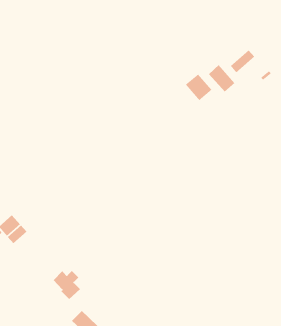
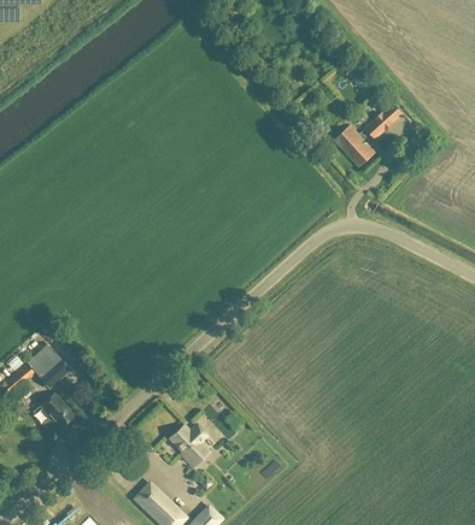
building: [185,73,212,101] -> none
building: none -> [40,393,75,431]
building: [53,270,81,300] -> [169,424,210,467]

